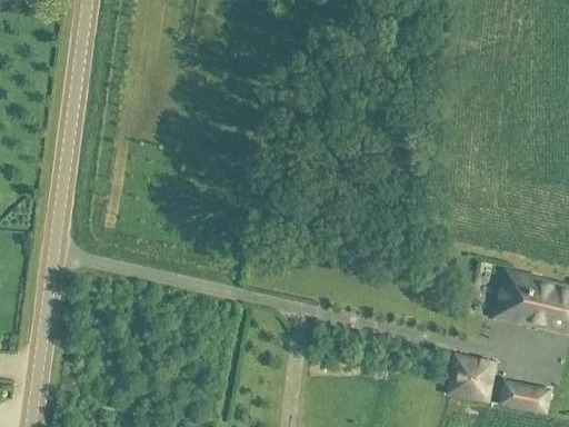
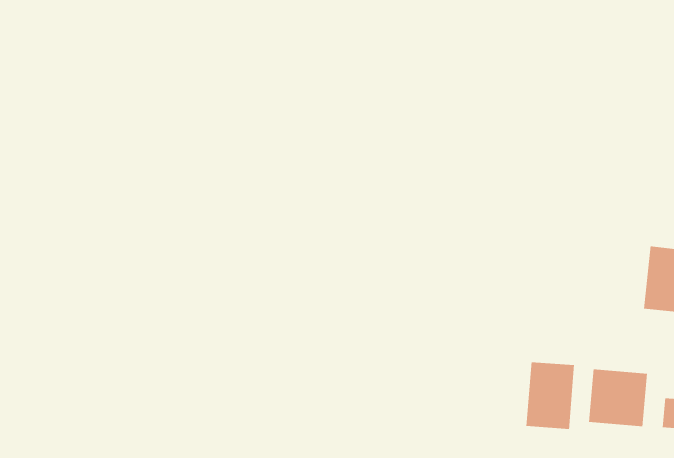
building: none -> [526,361,575,430]

